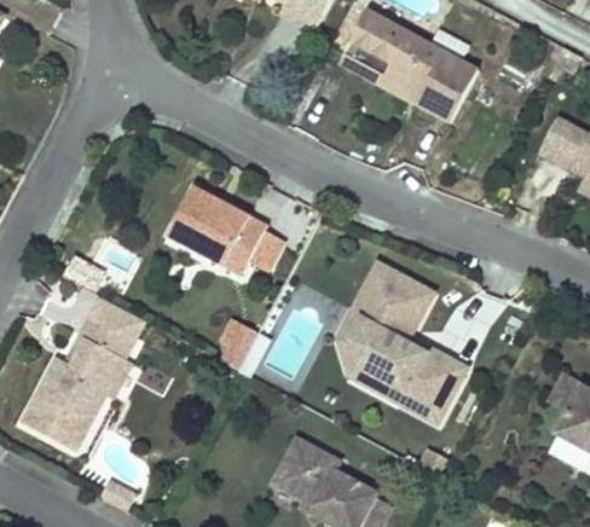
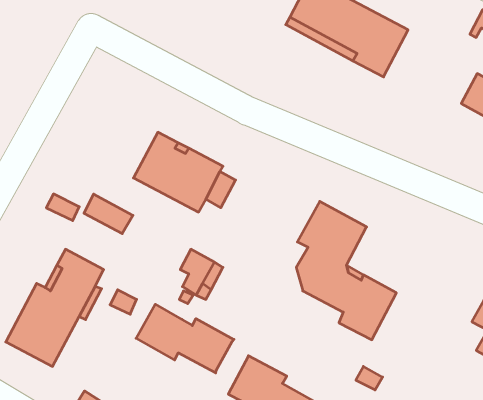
building: [89,295,145,340] -> [84,194,133,234]
building: [339,308,405,400] -> none
building: none -> [136,304,234,373]

